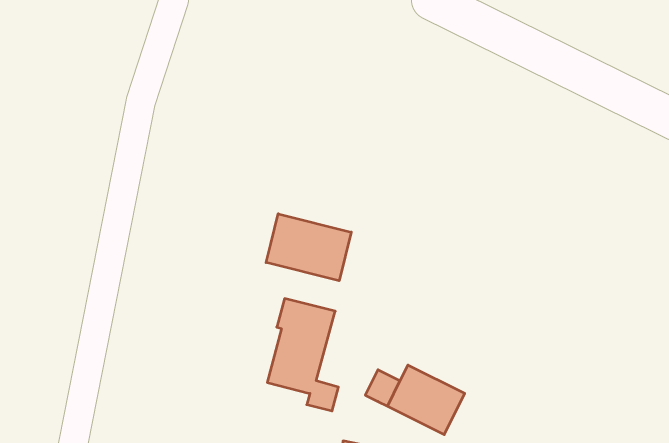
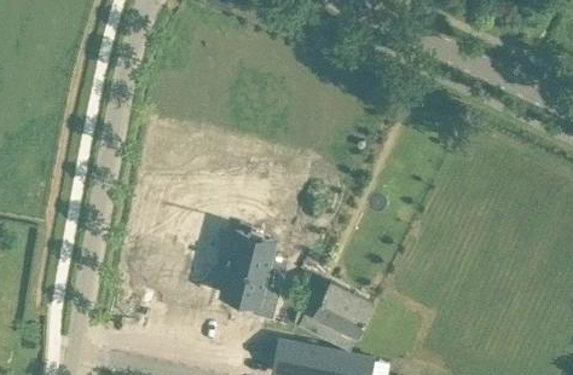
building: [266,214,351,281] -> none

